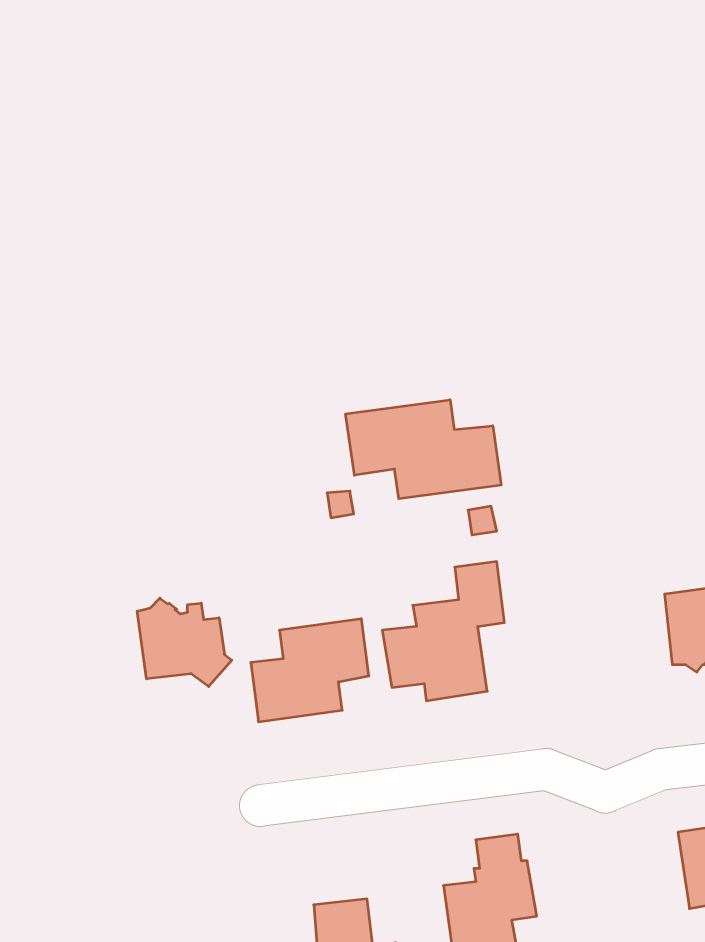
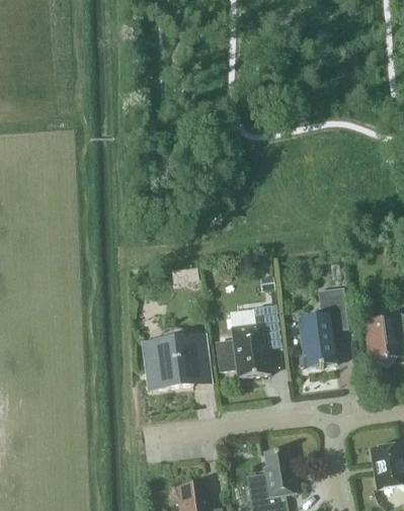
building: [346,400,501,499] -> none
building: none -> [301,287,346,366]
building: [137,598,232,687] -> none

